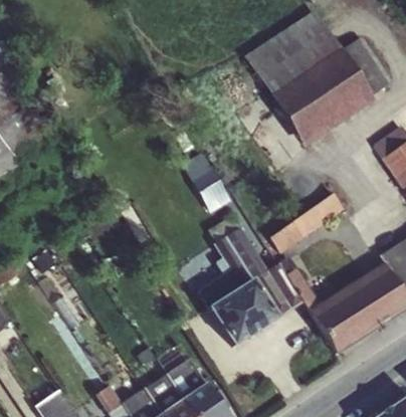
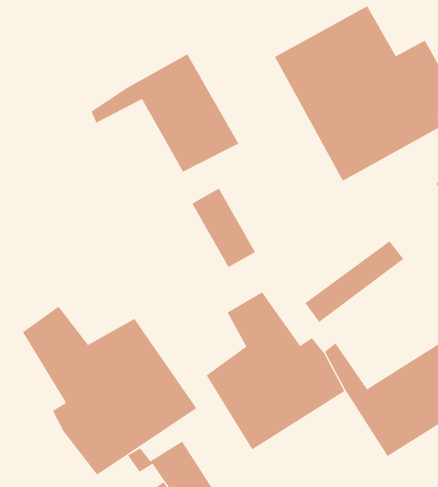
building: none -> [91,54,239,173]
building: none -> [22,306,197,475]

